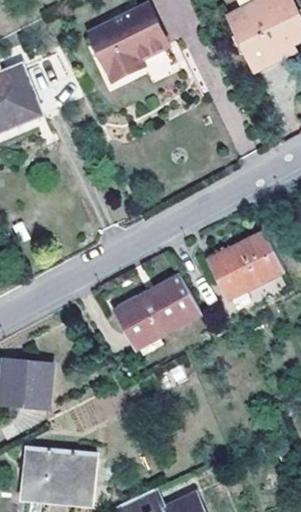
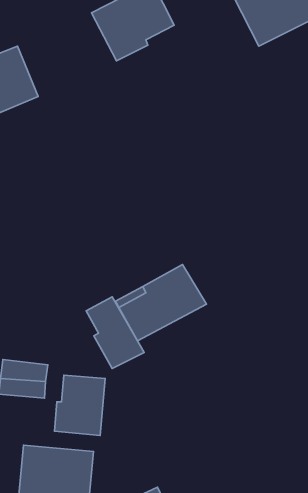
building: [209,233,282,297] -> none
building: none -> [86,297,144,369]
building: none -> [55,375,105,436]

